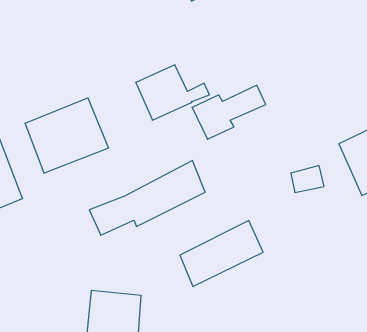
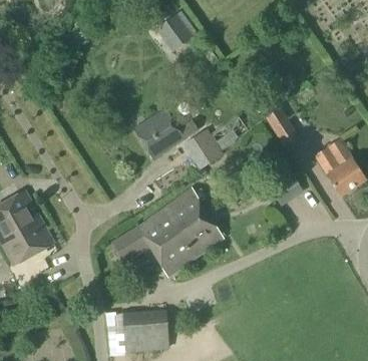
building: none -> [264,106,299,147]
building: [25,98,109,173] -> none
building: [180,221,263,287] -> [152,213,223,276]

